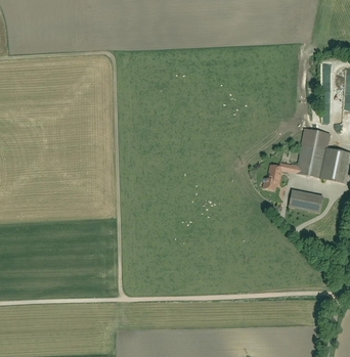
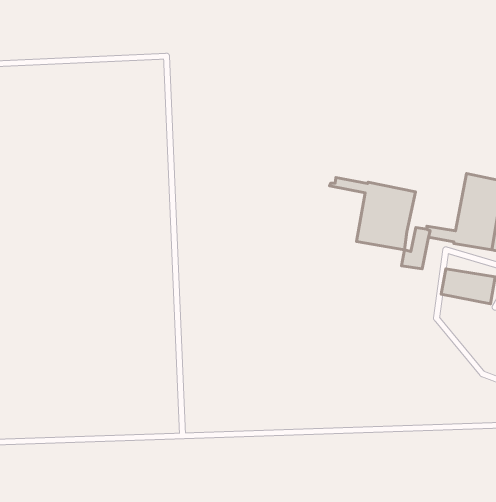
building: none -> [330,178,415,250]

